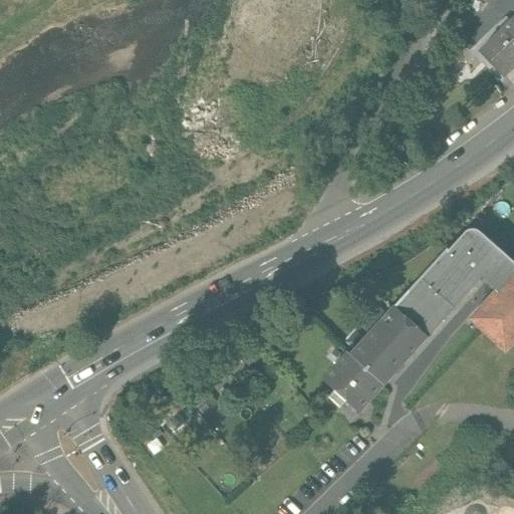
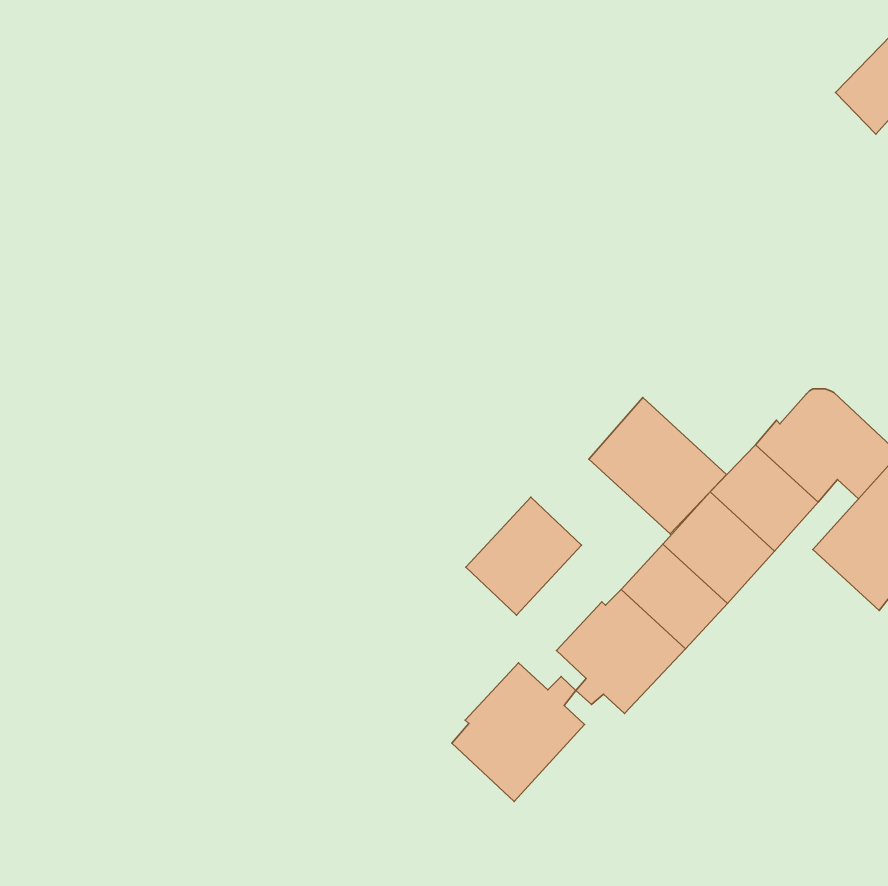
building: none -> [589,397,727,534]
building: none -> [466,497,582,615]
building: none -> [452,663,584,801]

